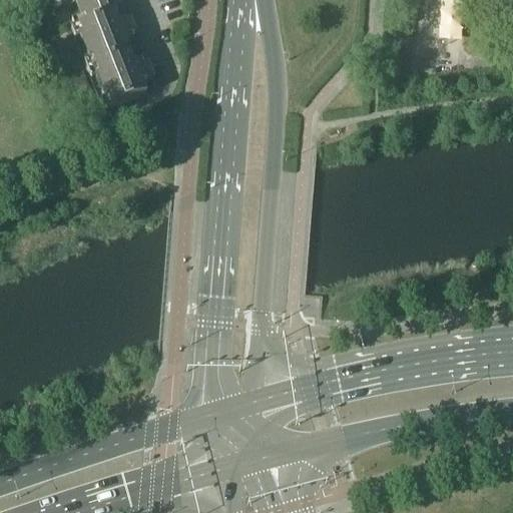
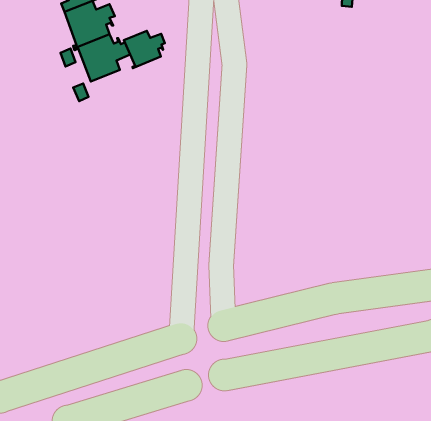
building: none -> [124,31,165,68]

